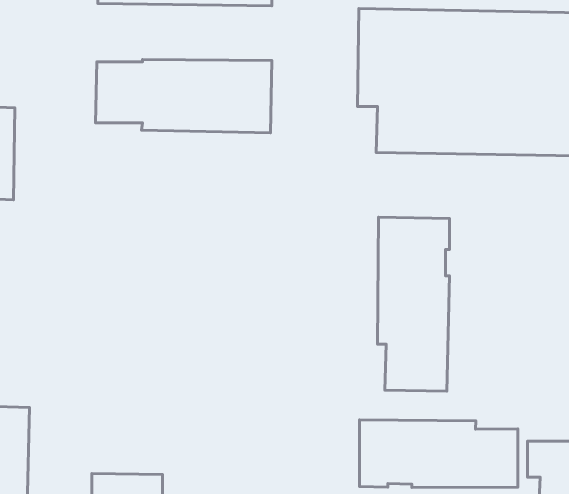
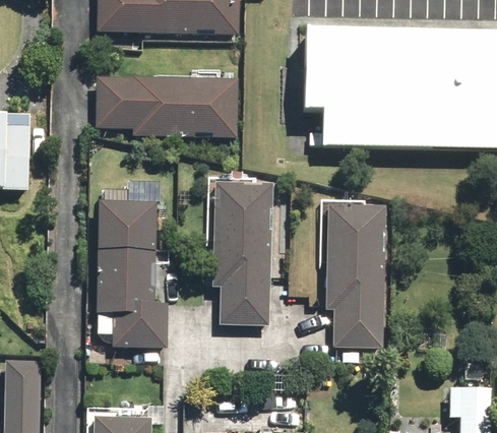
building: none -> [212,181,272,323]
building: none -> [96,200,168,346]
building: [359,420,518,488] -> none

